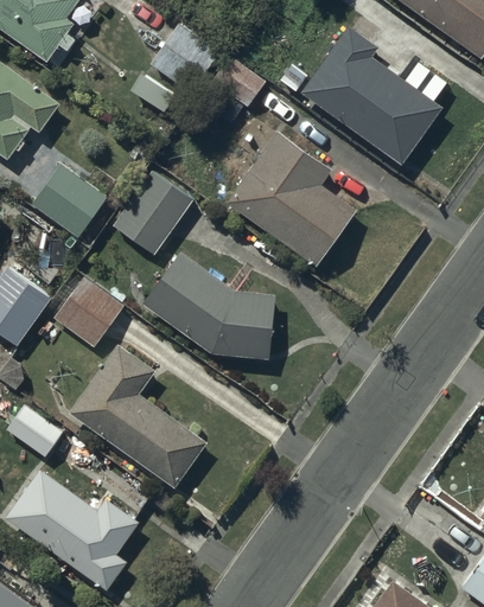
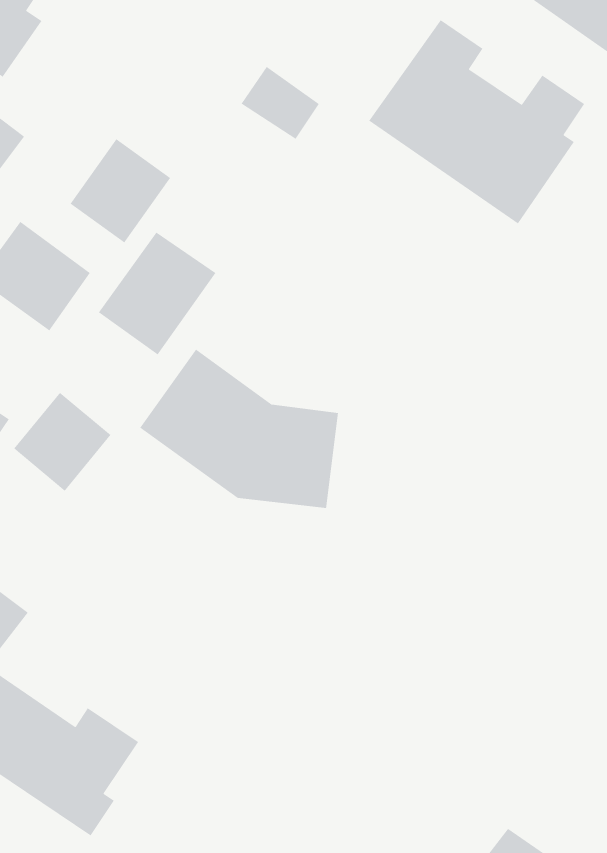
building: [149,21,219,94] -> [69,138,171,243]
building: [224,115,361,270] -> none
building: [69,344,206,486] -> none

